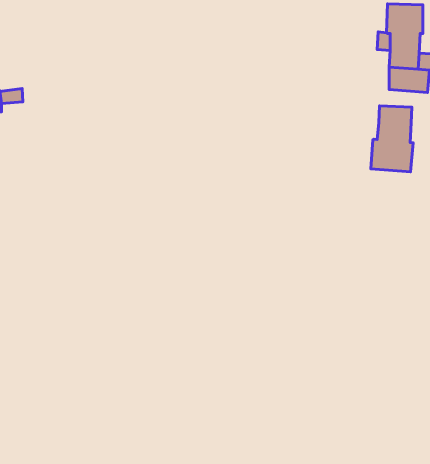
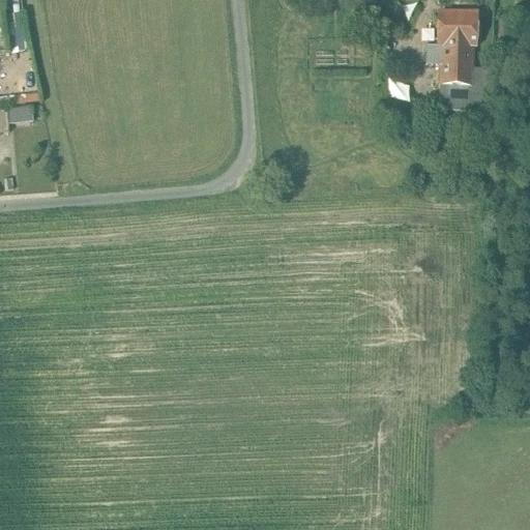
building: [371,106,413,172] -> none

